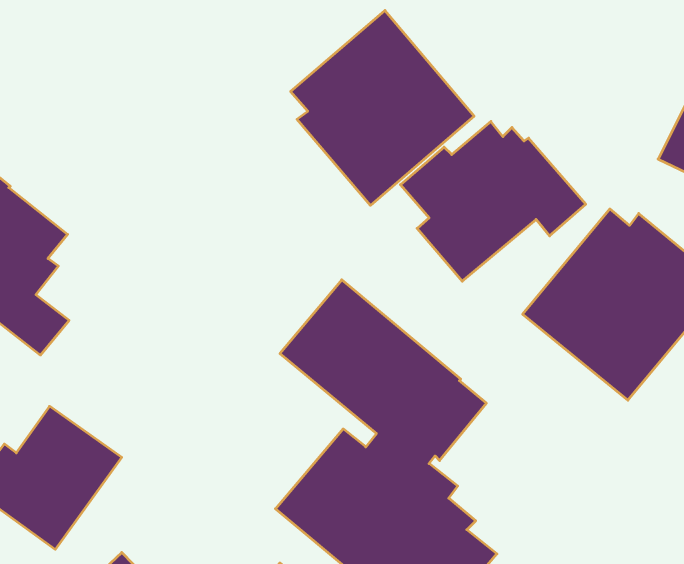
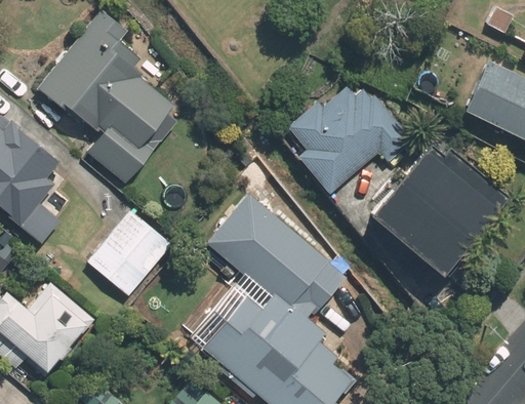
building: [291,10,474,205] -> none
building: none -> [37,10,176,186]
building: none -> [86,210,171,297]

